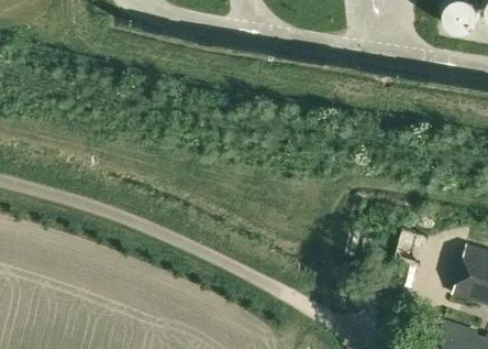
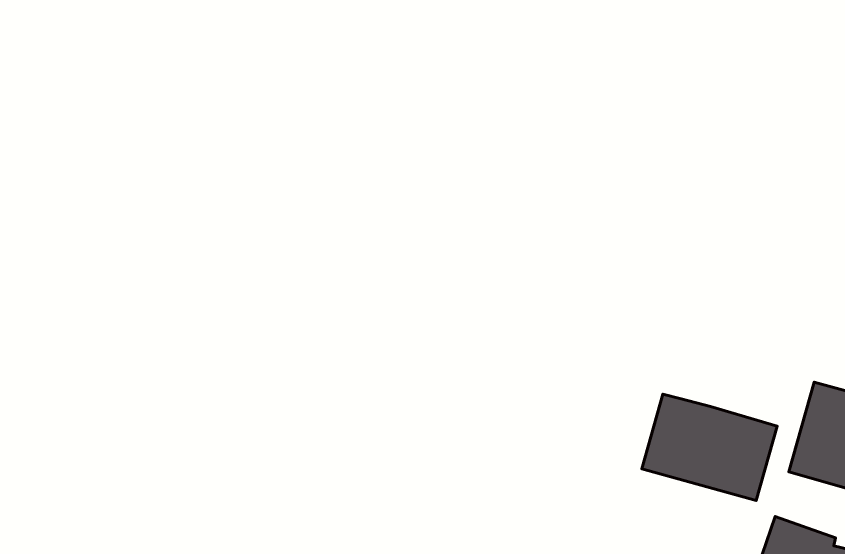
building: none -> [642,394,777,501]

